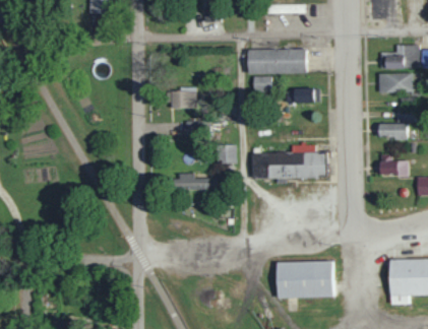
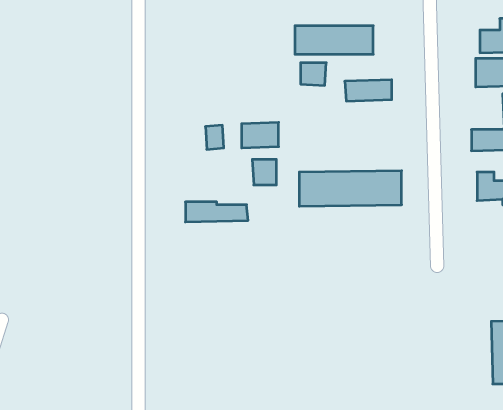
building: [171,90,197,109] -> [242,122,279,148]
building: [279,262,334,300] -> none

